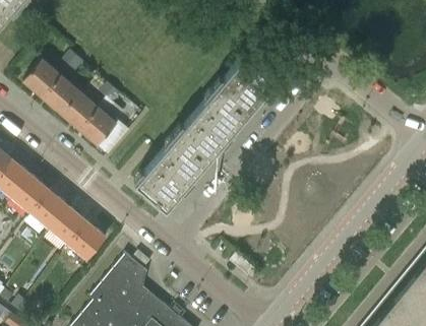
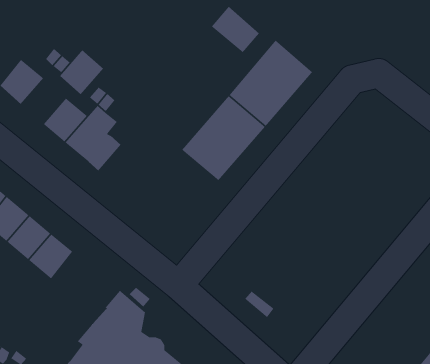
building: none -> [211,6,260,53]
building: [43,76,80,115] -> [59,49,104,95]
building: [137,136,208,209] -> none
building: [68,221,106,260] -> none

